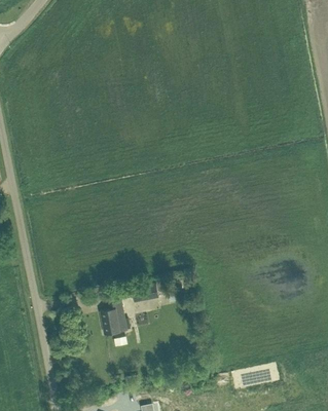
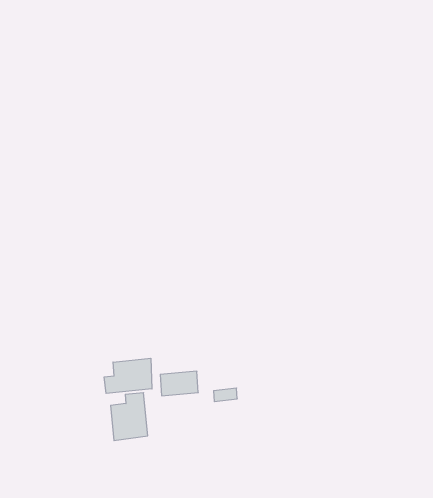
building: none -> [104,358,152,393]

